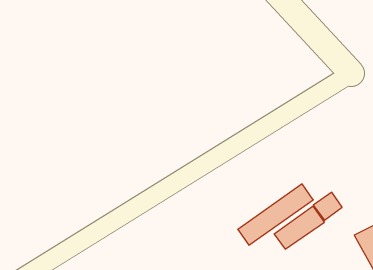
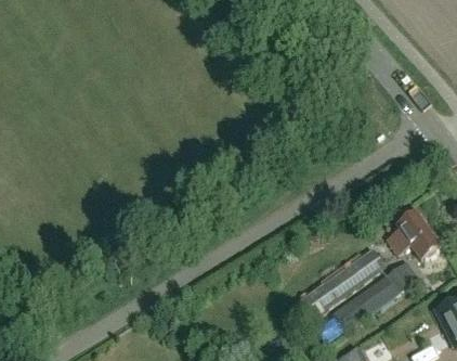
building: none -> [387,210,441,258]

